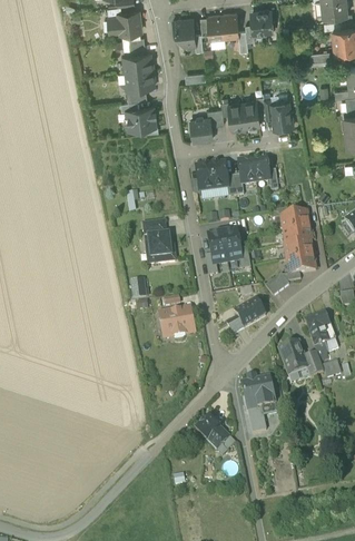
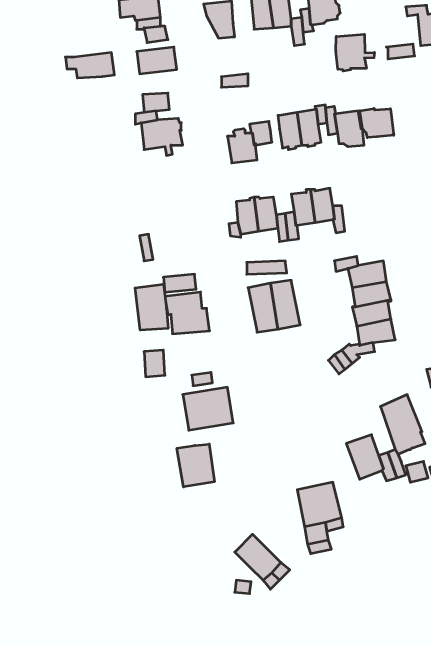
building: none -> [336,34,374,71]
building: [118,67,155,86] -> [65,53,114,78]
building: none -> [360,108,394,138]
building: none -> [135,284,168,330]
building: [227,298,265,333] -> none
building: none -> [177,444,214,487]

